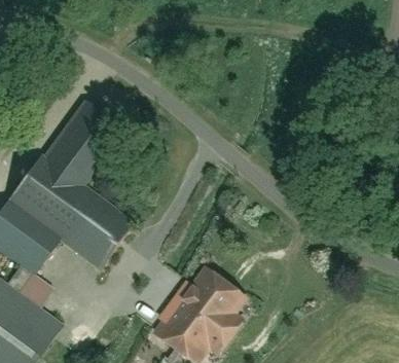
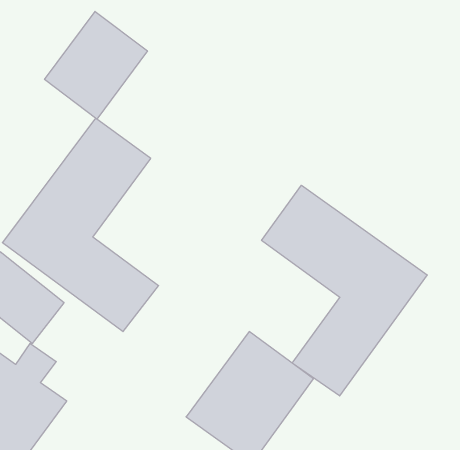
building: none -> [45,11,147,119]
building: none -> [262,185,427,396]

